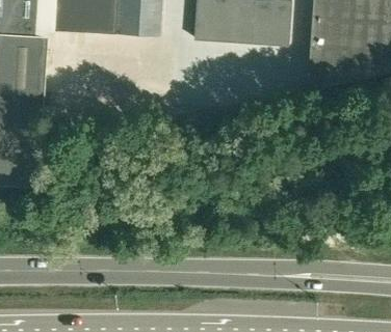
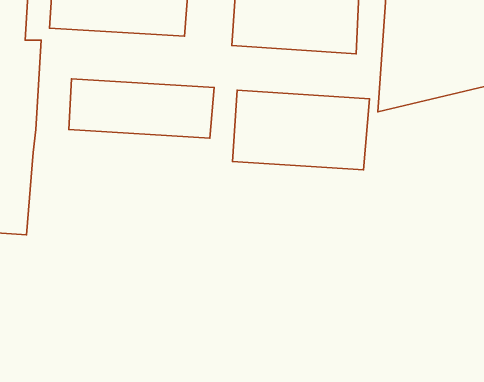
building: none -> [69,79,214,138]
building: none -> [233,90,369,170]

